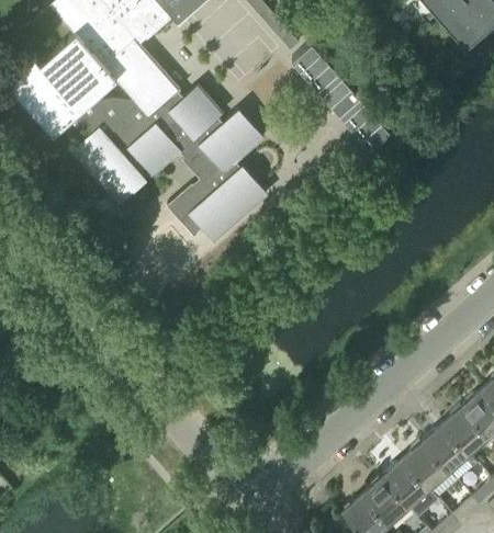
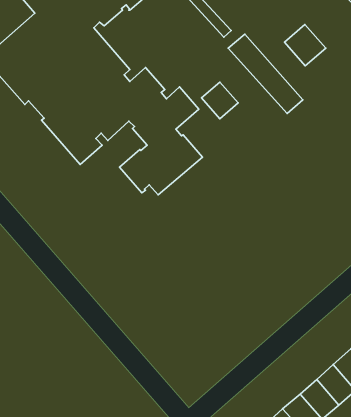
building: none -> [284,25,326,66]
building: none -> [201,82,238,119]

